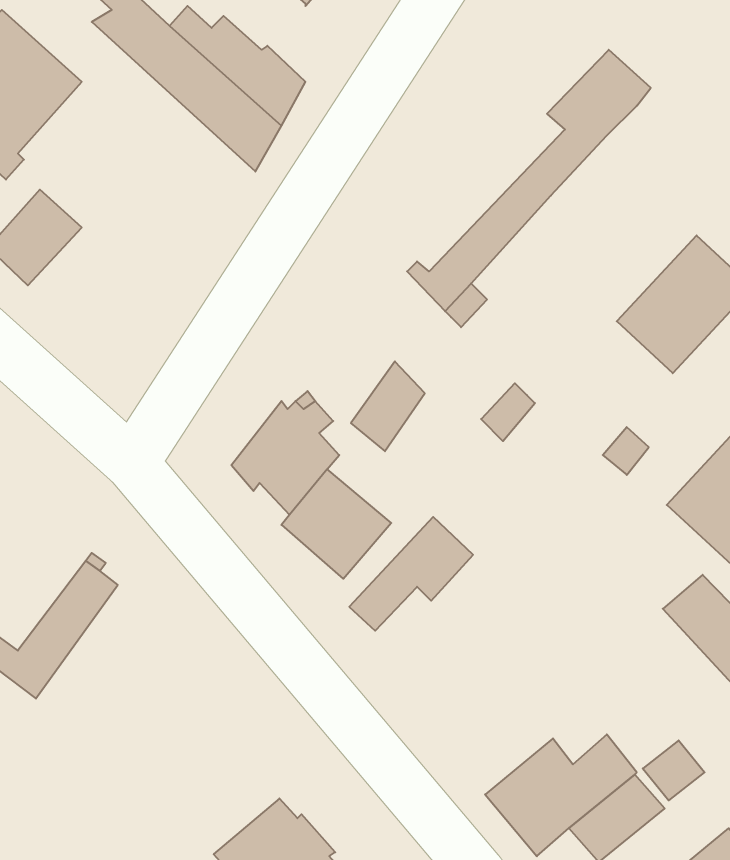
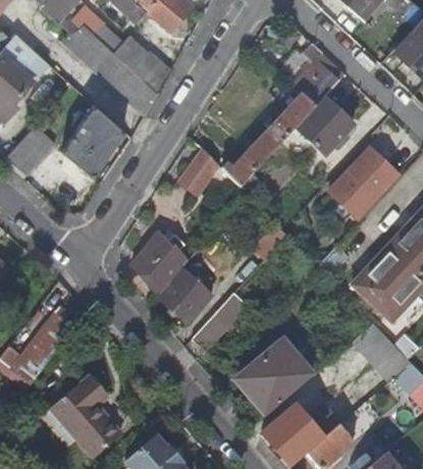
building: none -> [295,98,352,156]
building: none -> [61,104,122,177]
building: [351,361,425,451] -> [179,148,217,194]
building: none -> [237,341,308,410]
building: none -> [52,377,121,460]

